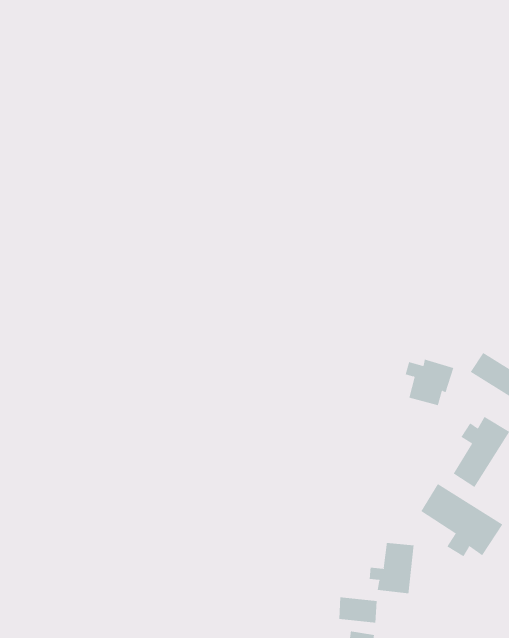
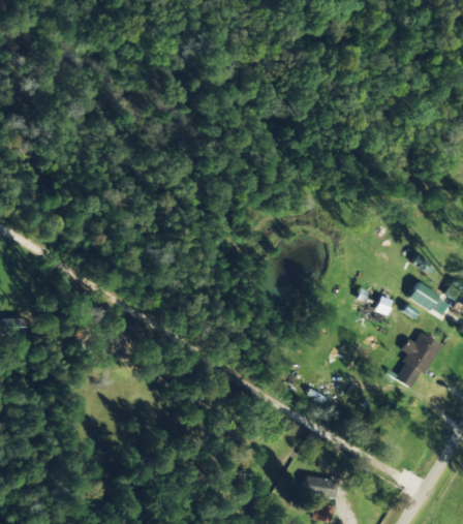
building: [421,483,503,557] -> none
building: [369,542,414,594] -> none

